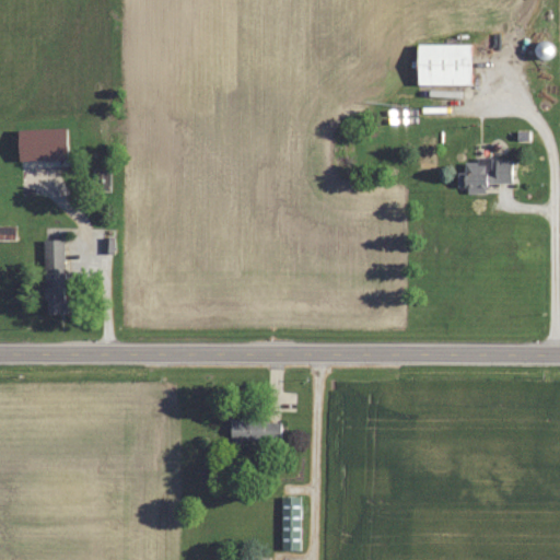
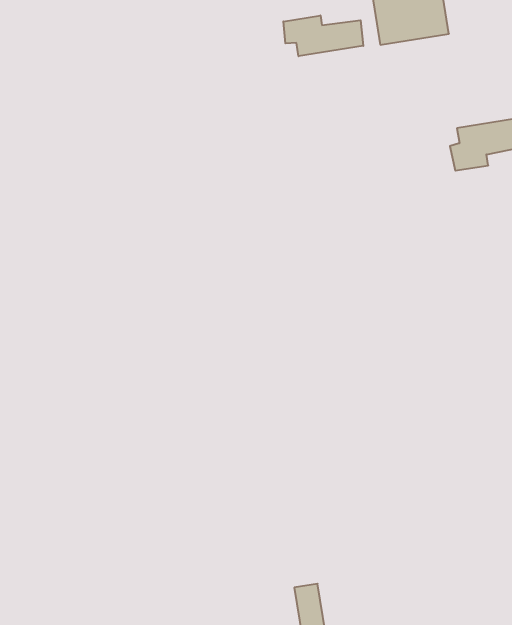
building: none -> [283,15,363,56]
building: [232,421,282,444] -> none

